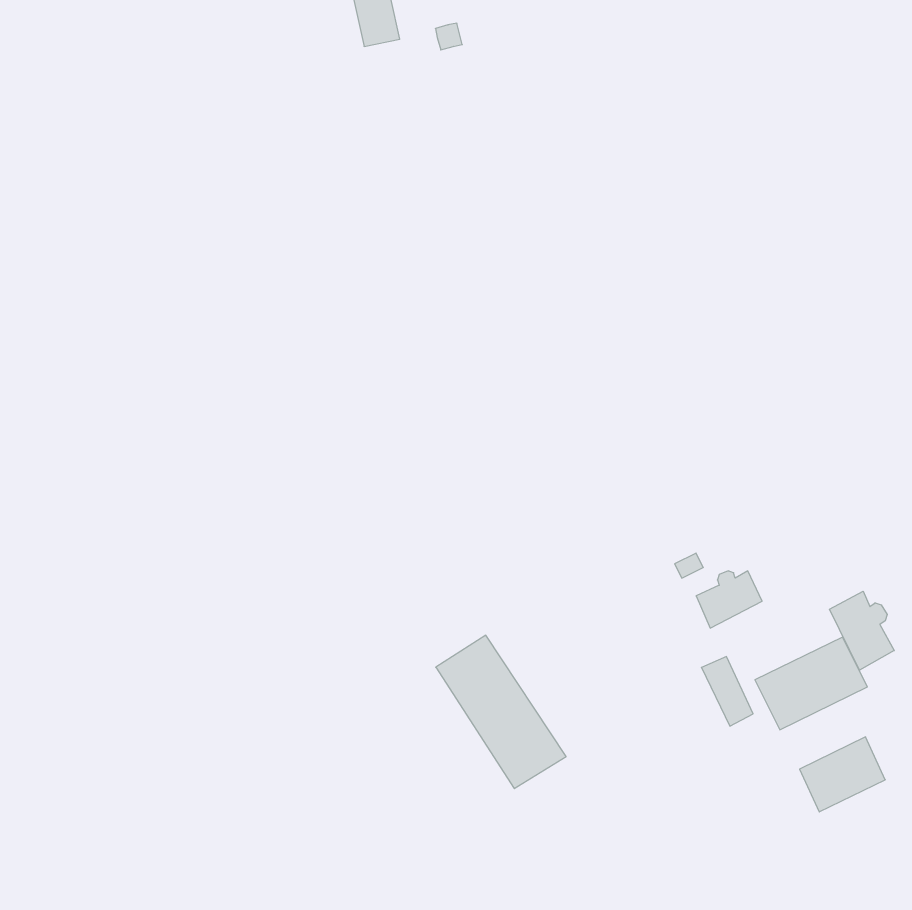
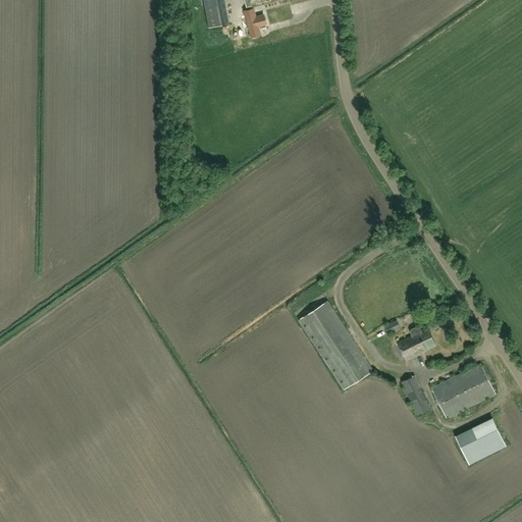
building: [830,591,894,670] -> none
building: [436,635,566,789] -> [299,301,373,388]

